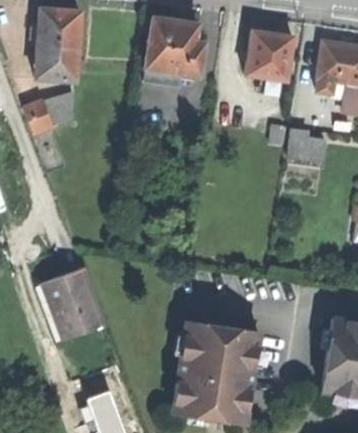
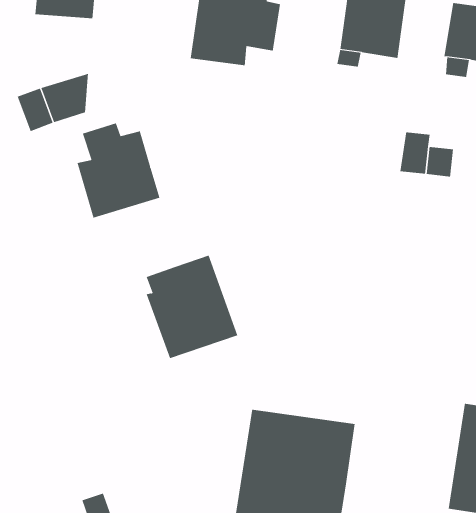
building: [34,49,77,77] -> none
building: none -> [77,122,160,218]
building: [40,268,104,339] -> [146,255,238,359]

